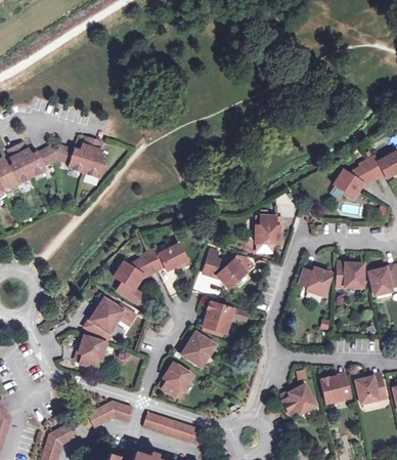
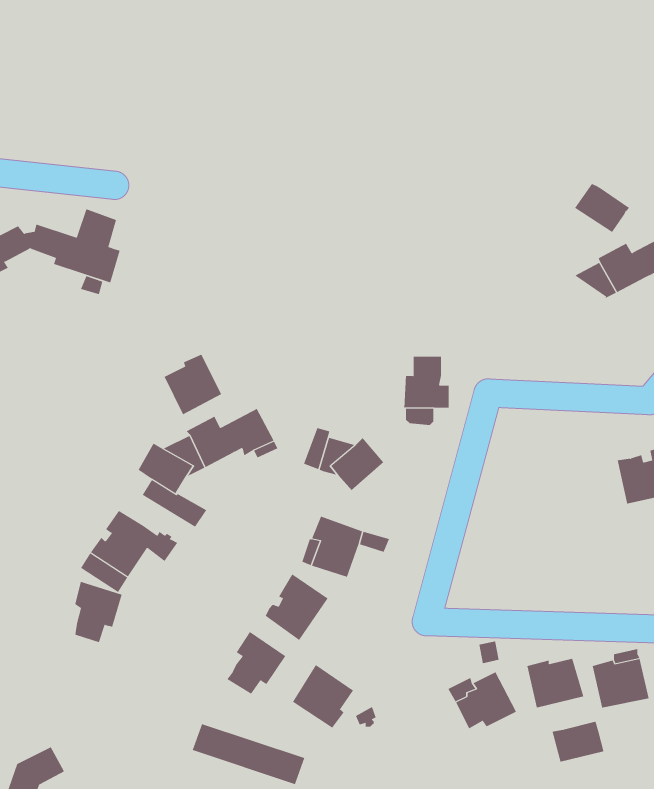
building: [333,171,362,198] -> [574,183,630,233]
building: none -> [164,354,222,415]
building: [338,263,362,287] -> none
building: [299,269,332,297] -> none
building: none -> [292,664,354,729]
building: [86,401,132,427] -> none
building: none -> [552,721,604,762]

